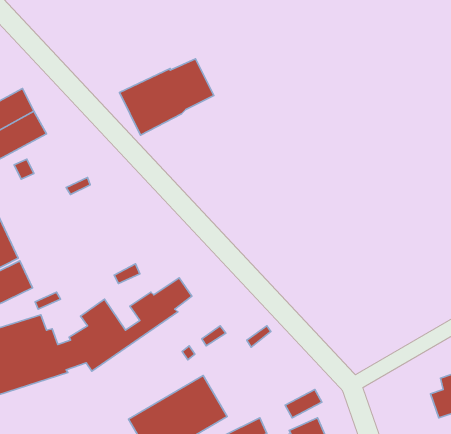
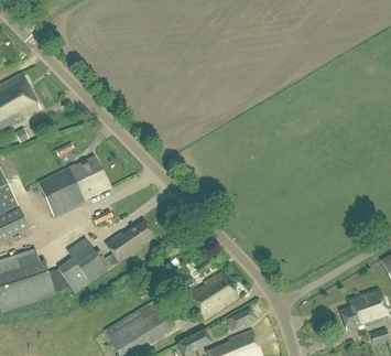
building: [119,59,214,135] -> [35,155,109,215]
building: none -> [187,270,239,319]

